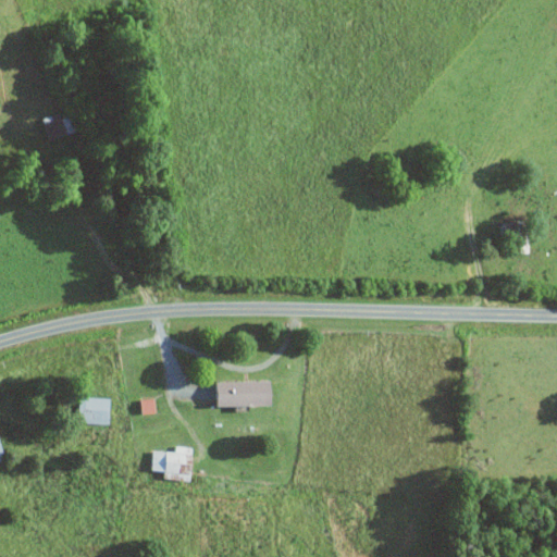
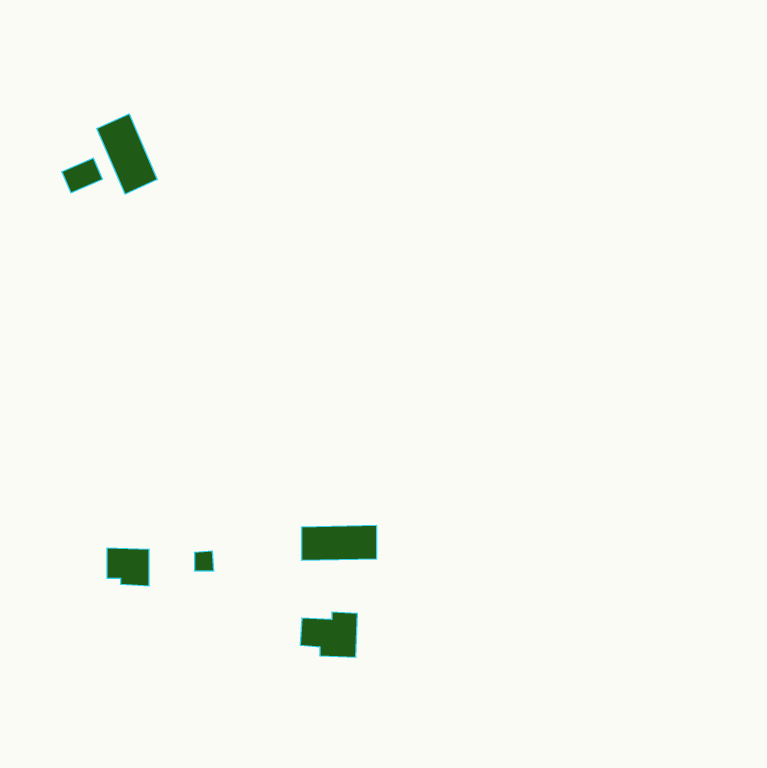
building: none -> [97,114,157,194]
building: [151,446,193,479] -> [300,612,357,657]

